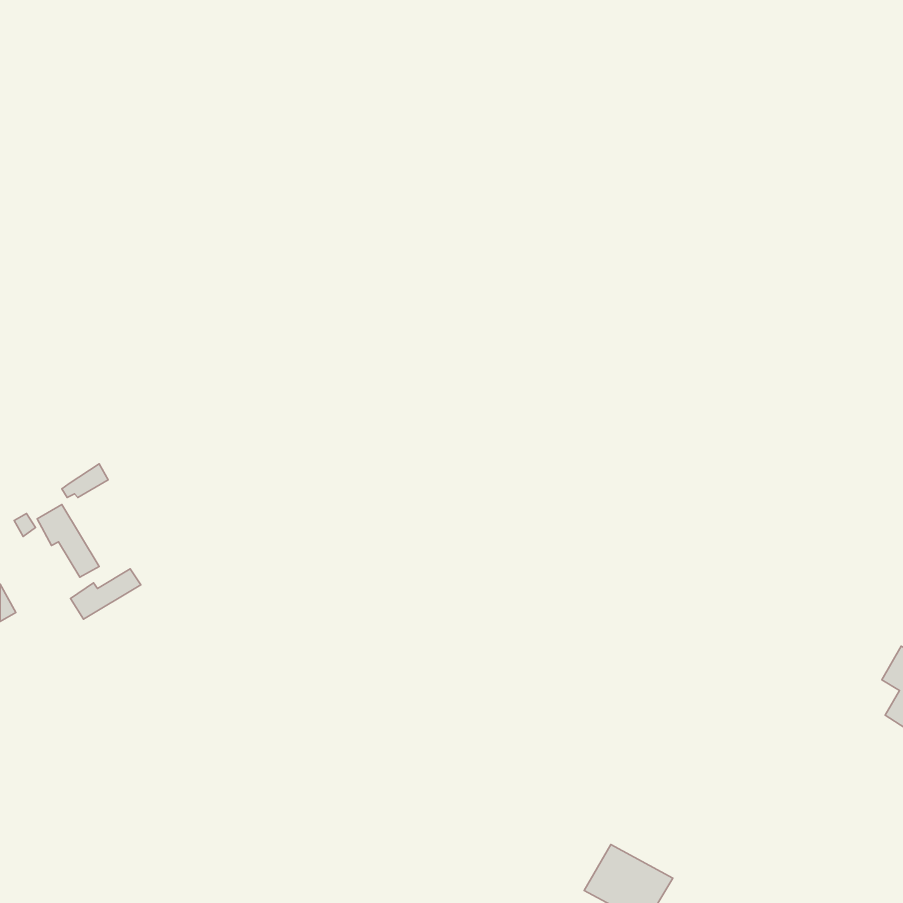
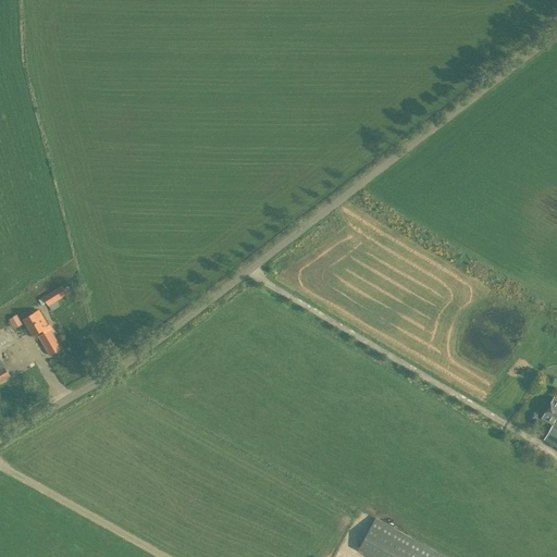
building: [70,569,141,619] -> none

